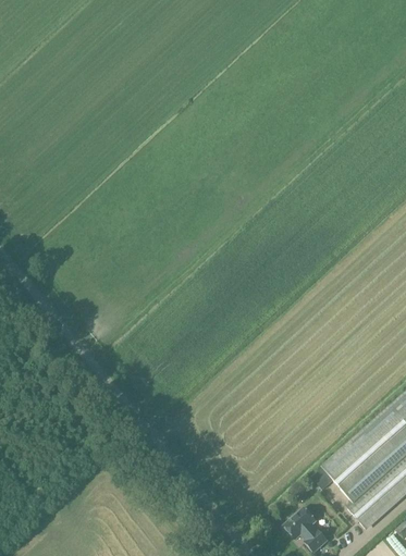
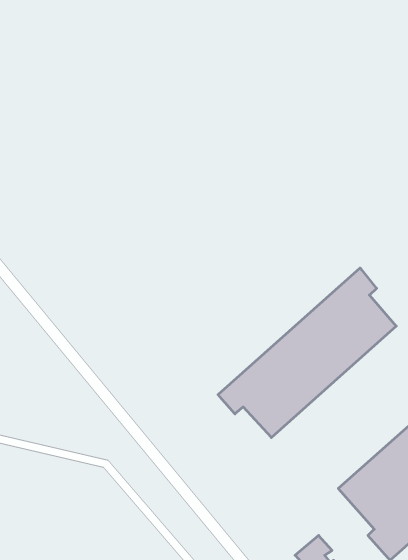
building: none -> [218,268,396,438]

